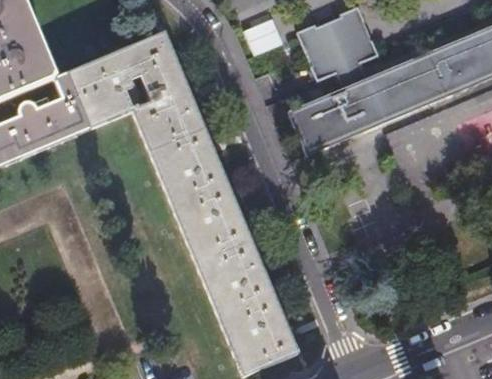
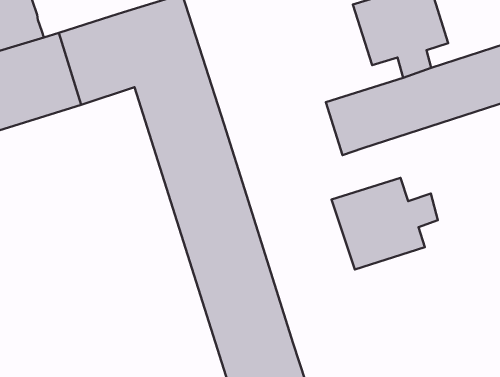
building: none -> [332,178,438,270]

